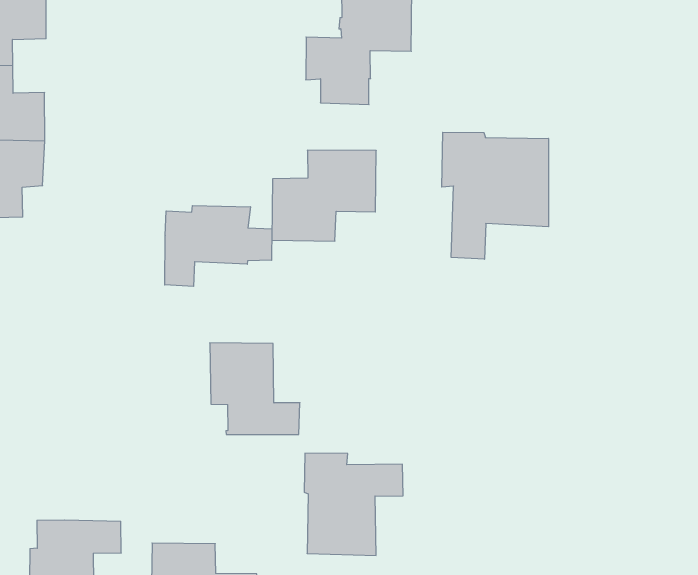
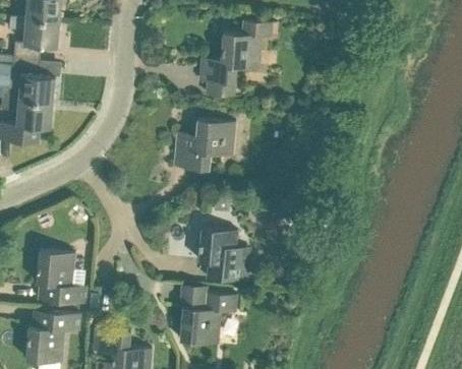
building: [442,132,548,259] -> none
building: [165,206,272,286] -> none
building: [210,343,300,434] -> [199,228,248,282]
building: none -> [37,250,86,304]

